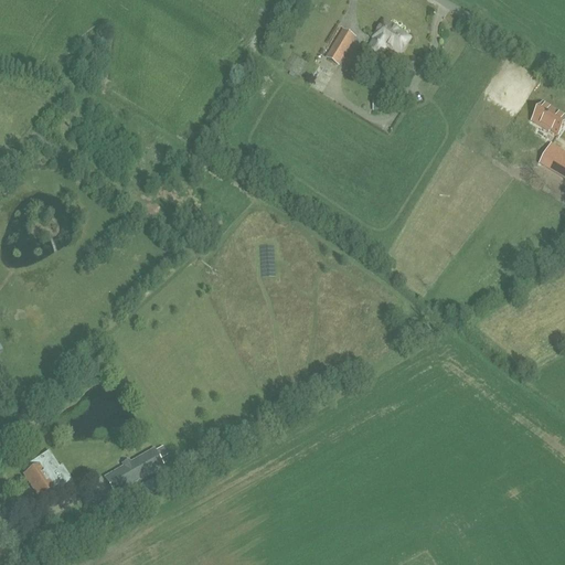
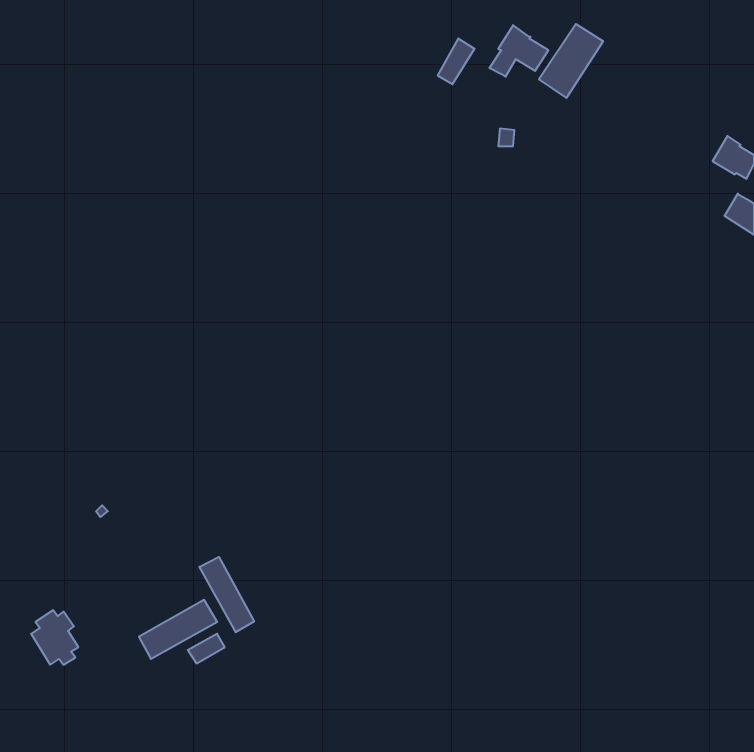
building: none -> [539,24,603,98]
building: none -> [199,557,254,632]

